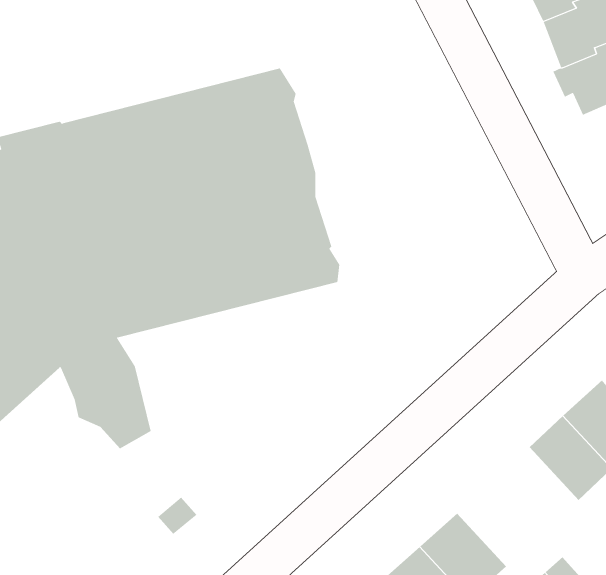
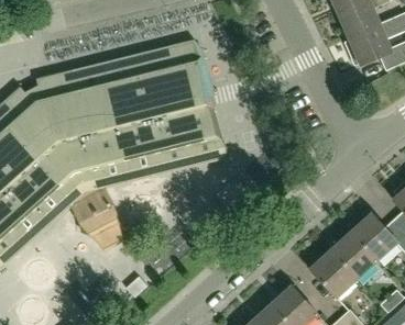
building: none -> [308,249,358,299]

